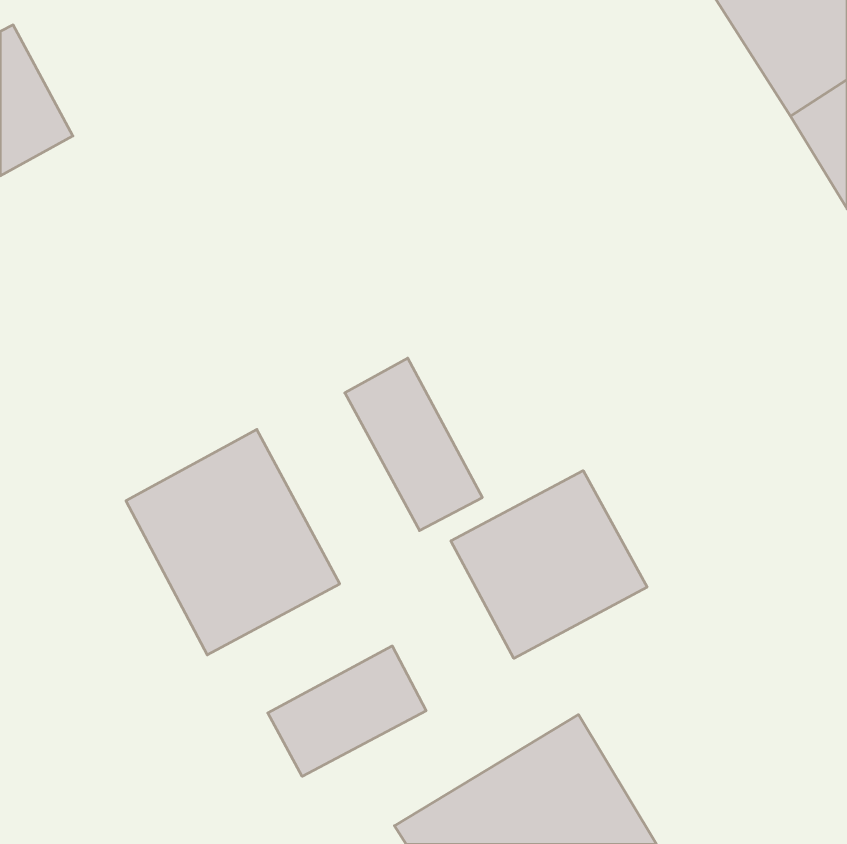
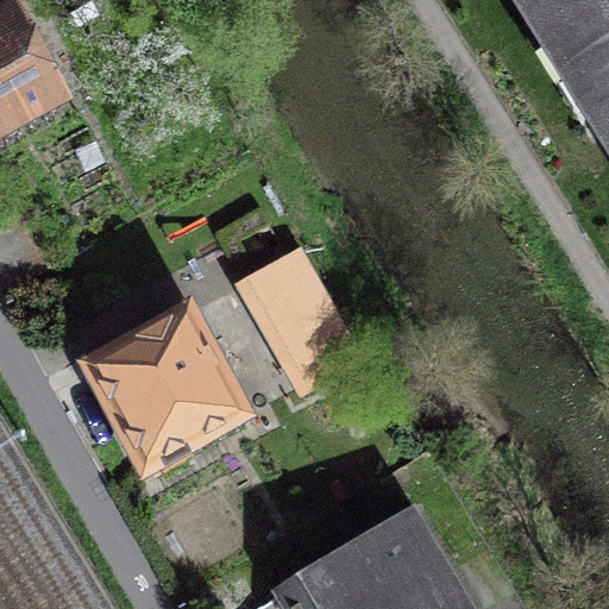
building: [451,471,647,658] -> none
building: [268,646,426,776] -> none

